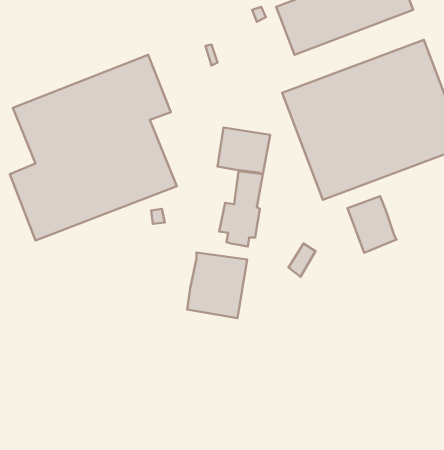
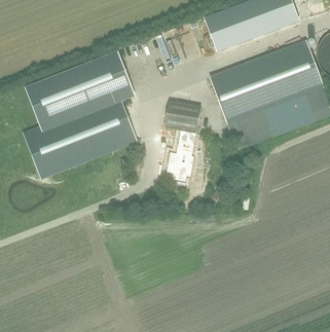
building: [348,196,397,253] -> none
building: [187,252,247,318] -> none

